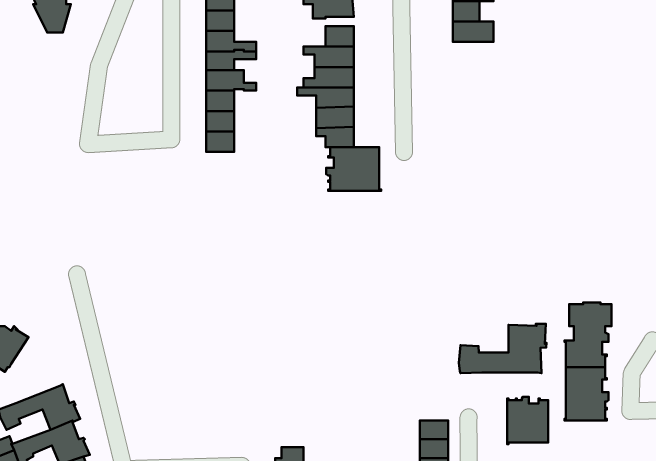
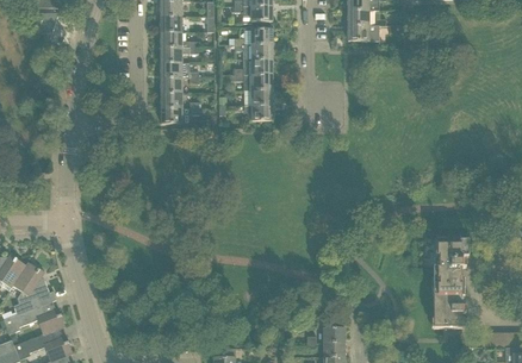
building: [326,147,381,191] -> none
building: [459,324,547,373] -> none
building: none -> [13,262,50,314]
building: [507,397,548,444] -> none

